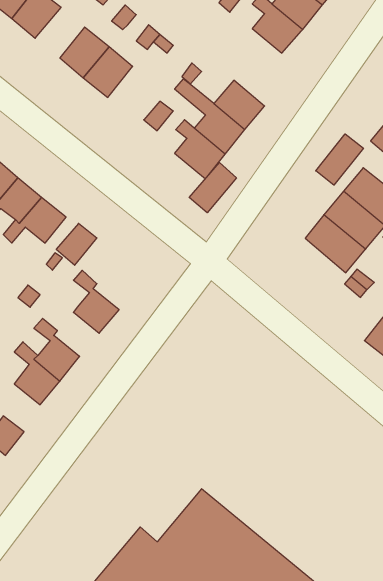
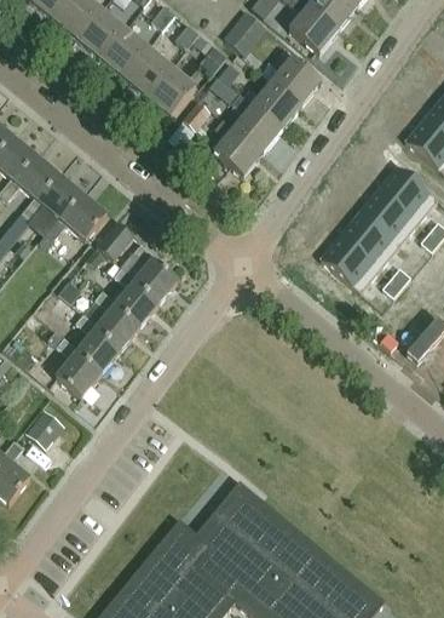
building: none -> [76,8,125,58]
building: none -> [223,13,267,57]
building: none -> [271,56,322,105]
building: none -> [148,67,196,116]
building: [316,134,363,185] -> none
building: [189,163,236,213] -> none
building: none -> [322,235,381,292]
building: none -> [133,244,178,305]
building: none -> [94,290,139,351]

